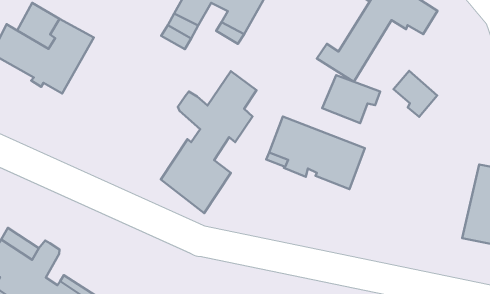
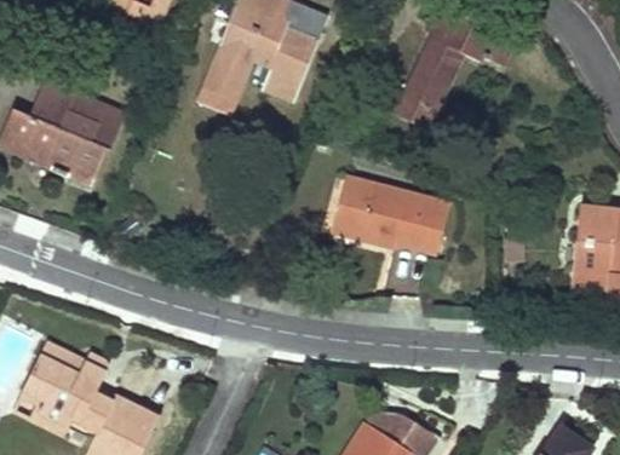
building: [393,71,437,117] -> none
building: [161,71,256,213] -> none
building: [322,75,380,123] -> none

